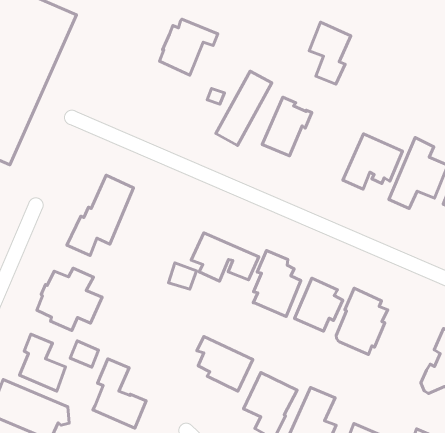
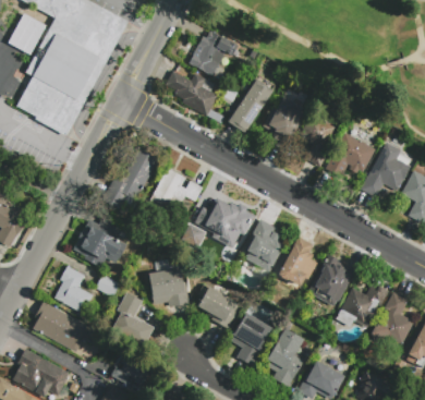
building: [309,22,351,84] -> [301,116,335,166]
building: none -> [166,71,218,116]
building: none -> [147,168,203,216]
building: none -> [336,281,388,328]
building: none -> [149,268,190,307]

